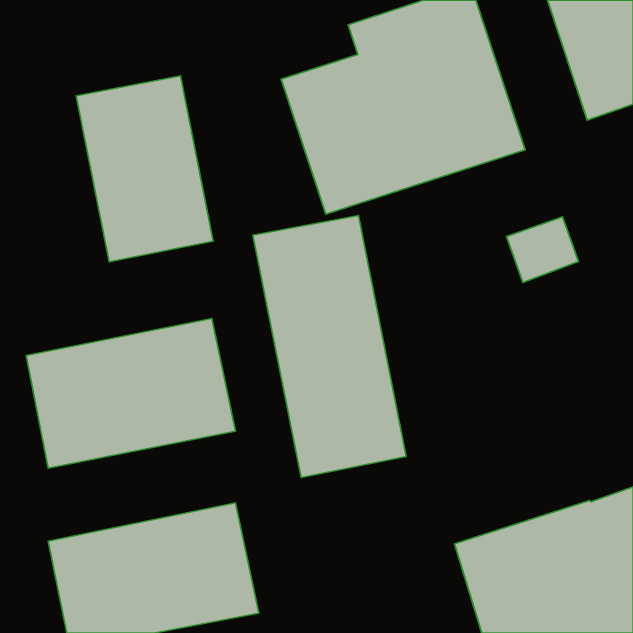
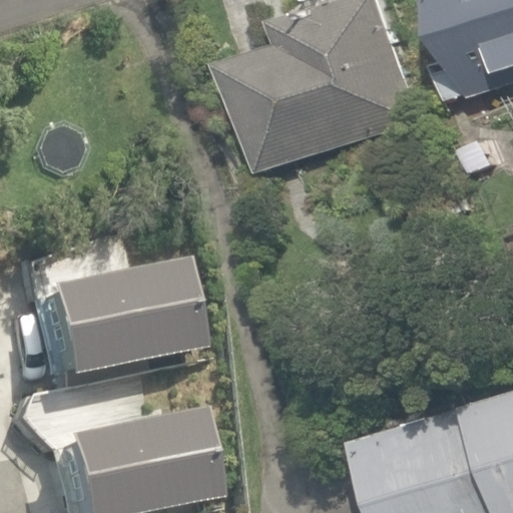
building: [76,76,213,262] -> none
building: [253,216,406,478] -> none

